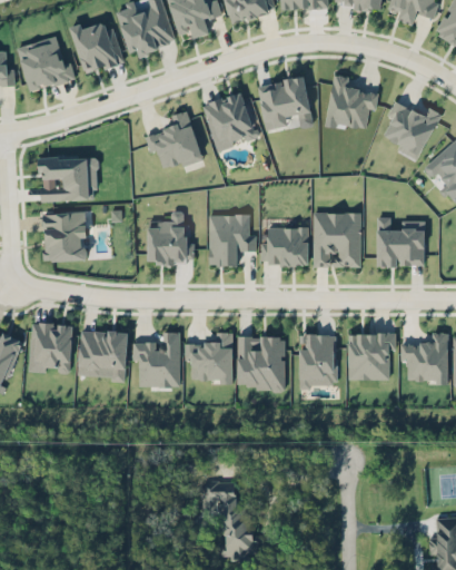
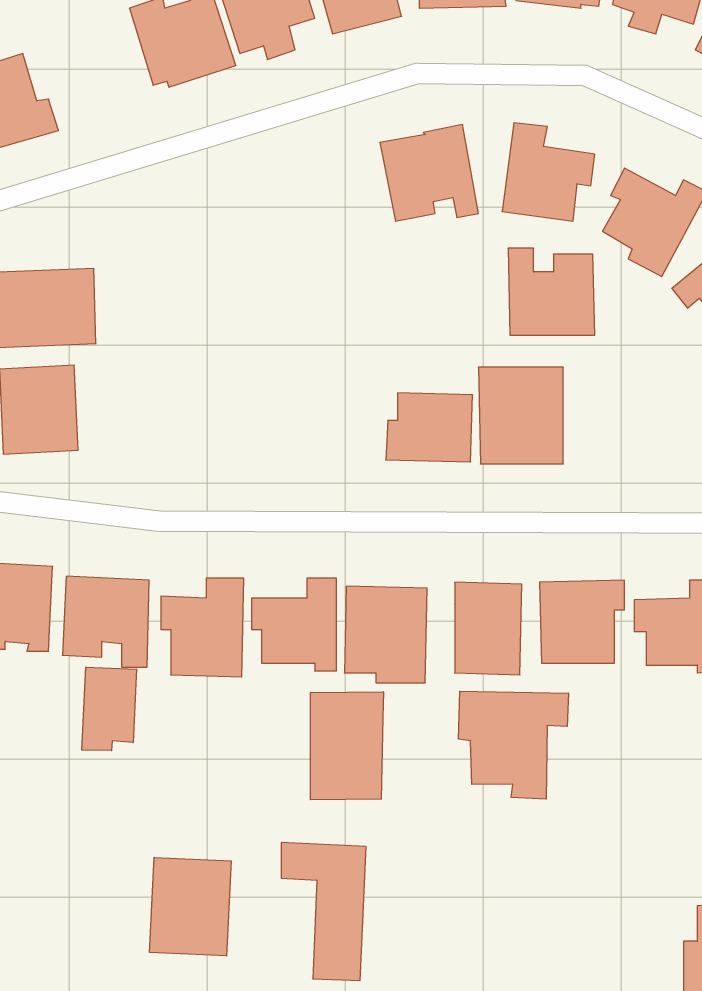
building: [69,20,118,73] -> none
building: [202,91,255,150] -> none
building: [145,109,201,169] -> none
building: [147,210,189,263] -> none
building: [208,214,256,265] -> none
building: [376,216,425,265] -> [508,248,595,335]
building: none -> [82,667,137,751]
building: none -> [459,691,568,799]
building: none -> [311,692,383,800]
building: none -> [150,857,231,956]

